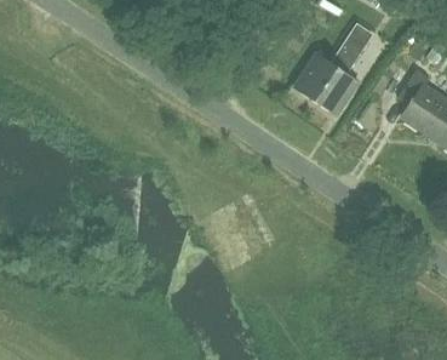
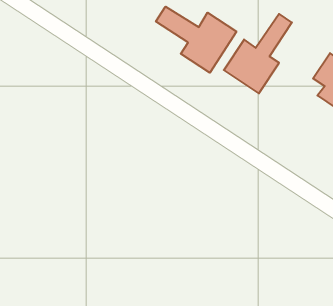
building: none -> [156,7,236,73]

